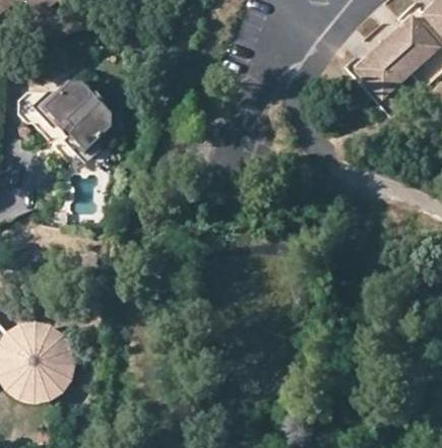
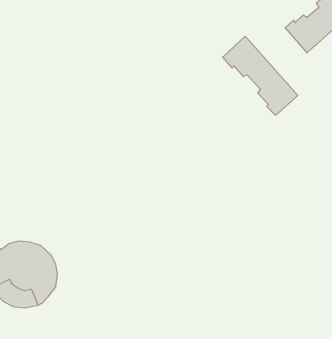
building: none -> [223,36,298,115]
building: [19,82,109,155] -> none

